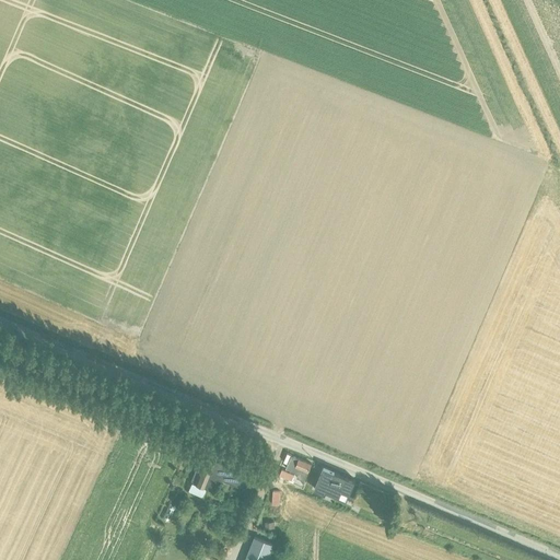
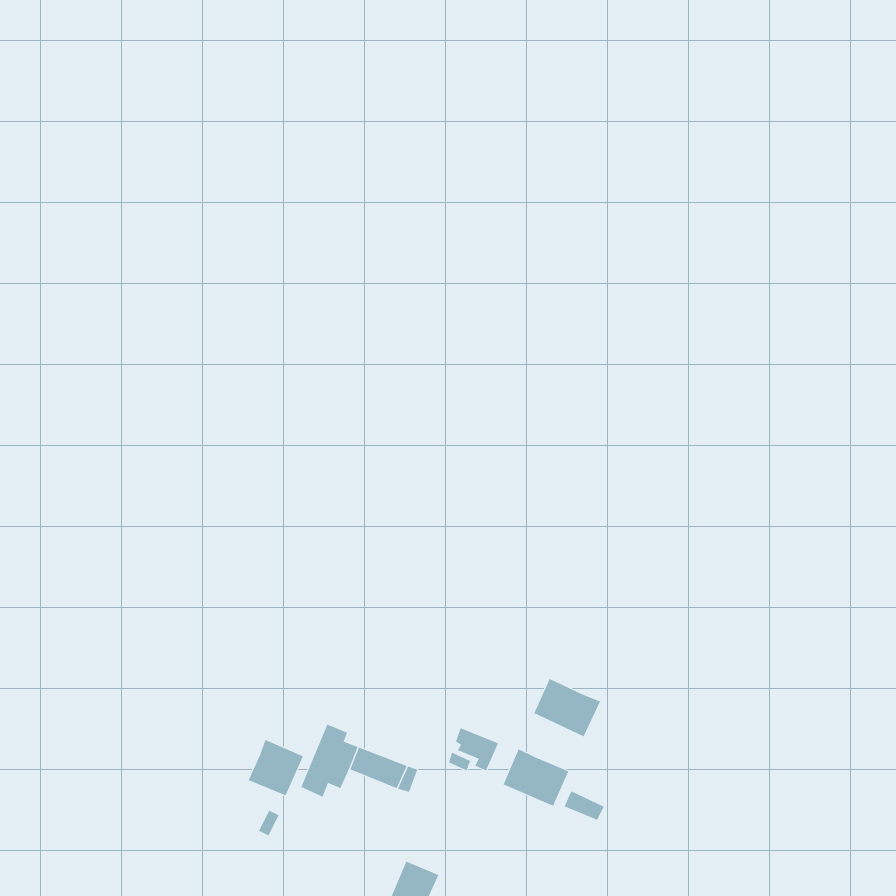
building: none -> [534,678,601,738]
building: none -> [248,739,304,796]

